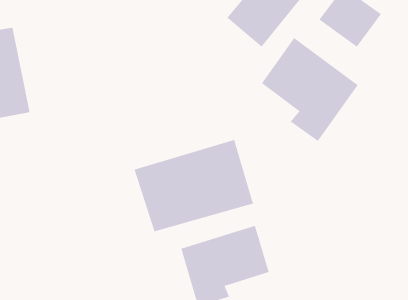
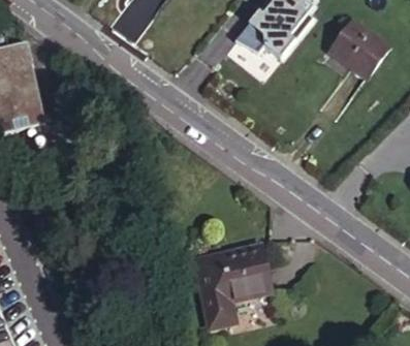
building: [261,37,359,142] -> none
building: [134,139,254,232] -> none

